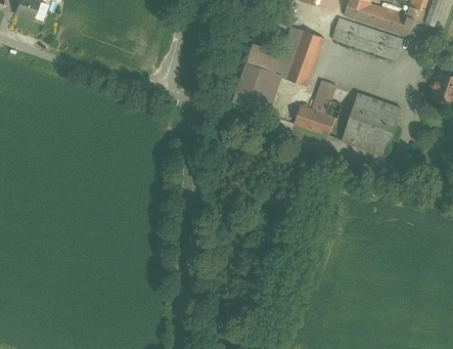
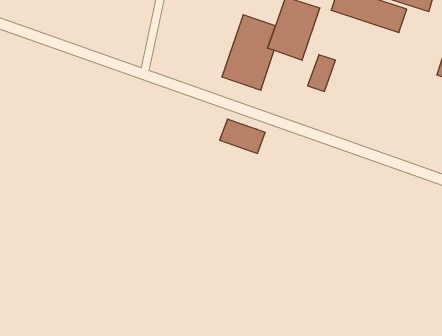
building: [339,92,404,158] -> none
building: [292,104,334,136] -> [220,119,265,153]

